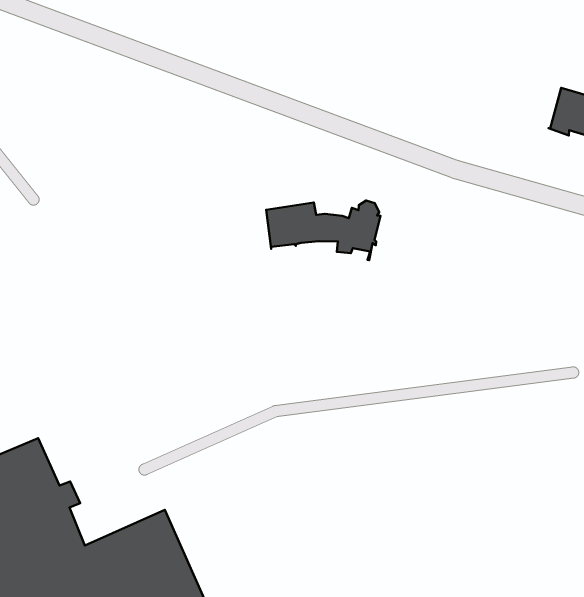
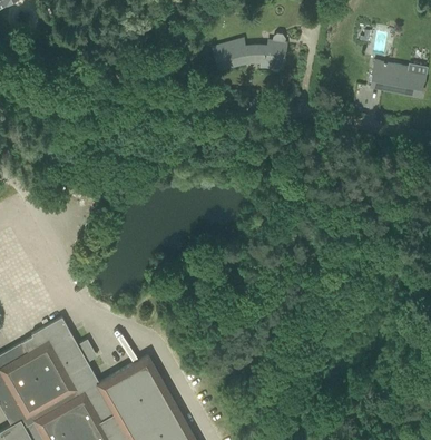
building: [266,201,380,260] -> [213,35,286,72]

